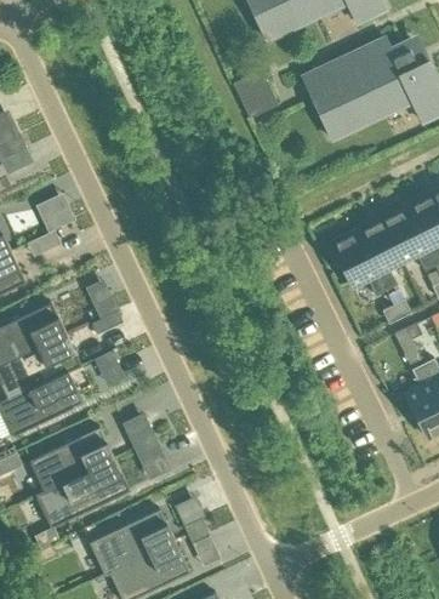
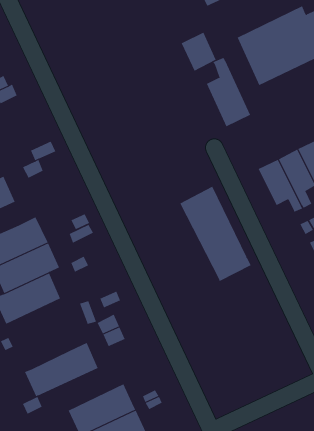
building: none -> [206,57,251,127]
building: none -> [180,186,252,282]
building: [28,427,114,492] -> none

